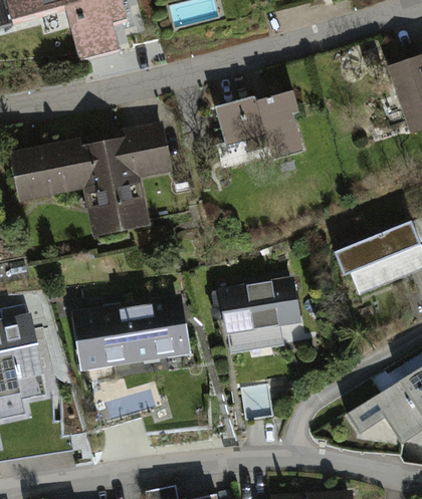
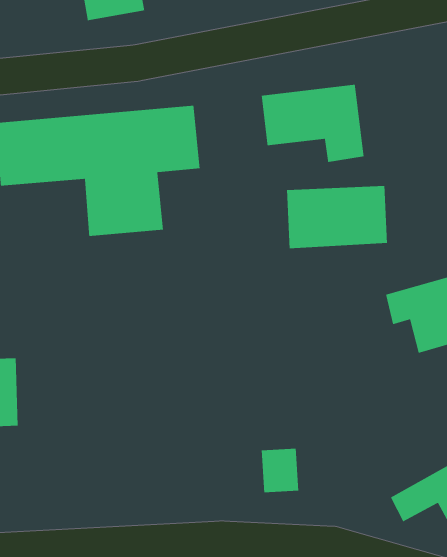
building: [218,284,302,341] -> [286,185,388,249]
building: [70,305,191,380] -> none

